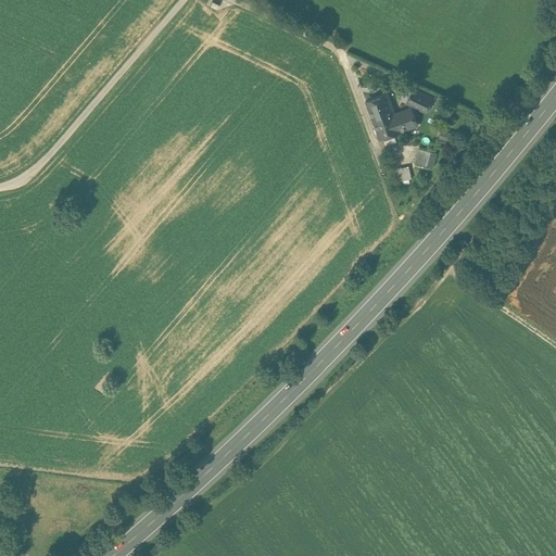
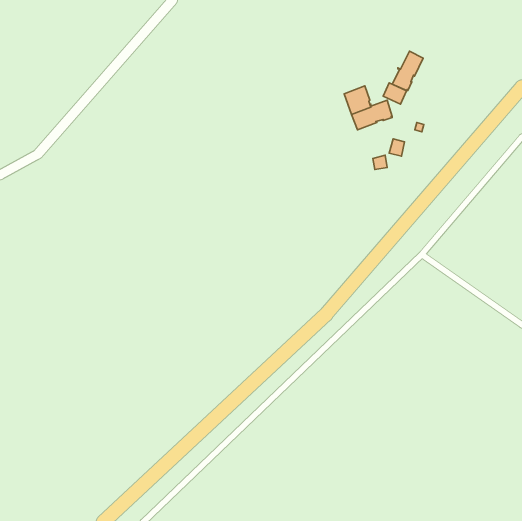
building: none -> [392,51,423,91]

